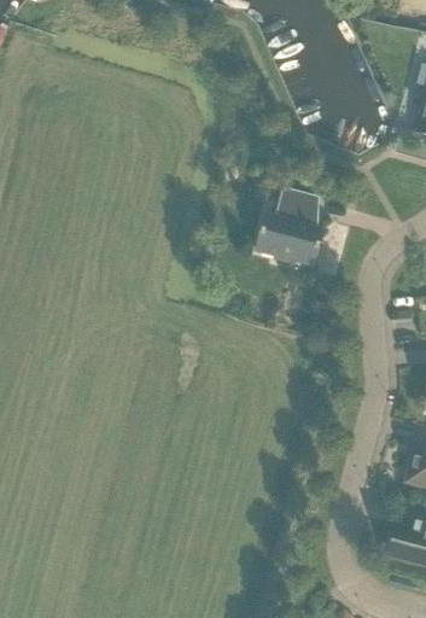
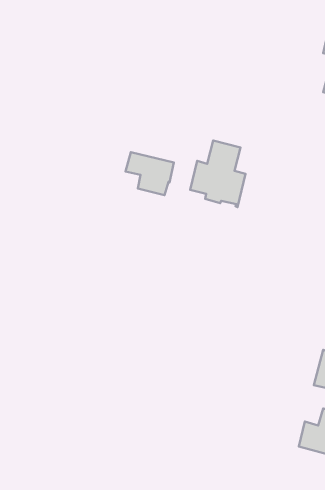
building: none -> [126,152,174,195]

